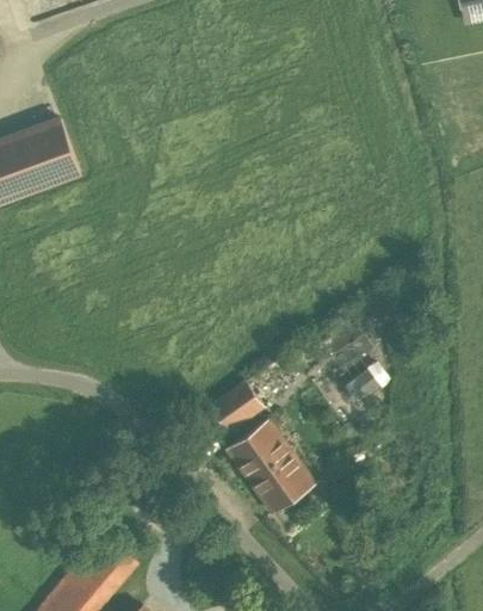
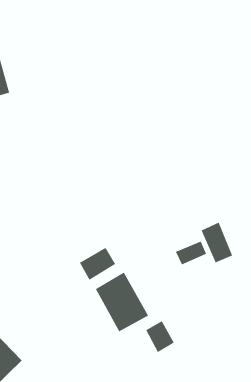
building: none -> [201,221,233,264]
building: none -> [145,320,175,353]

